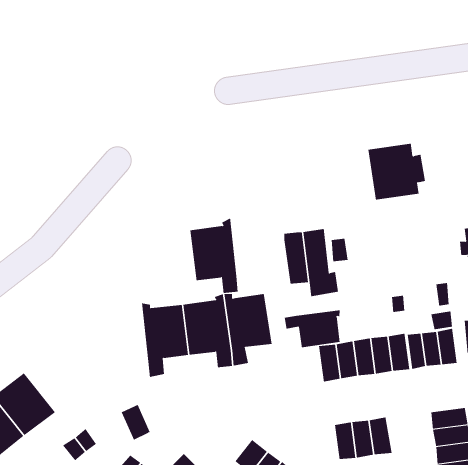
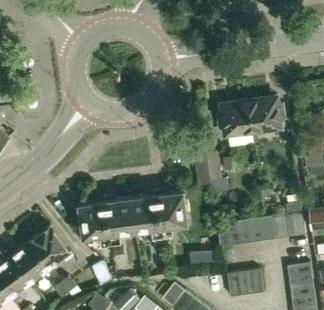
building: none -> [216,100,252,136]
building: [190,218,239,294] -> [78,197,109,245]
building: [284,309,340,348] -> none
building: none -> [30,226,72,266]

